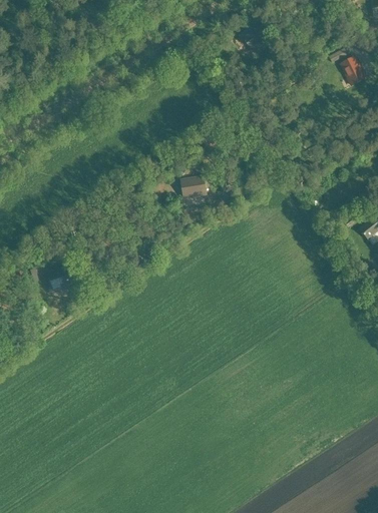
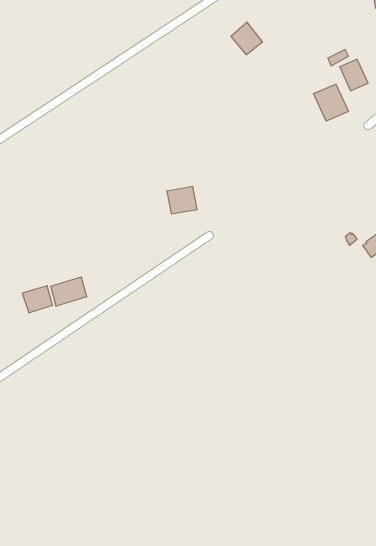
building: none -> [314,84,348,121]
building: none -> [51,277,87,306]

